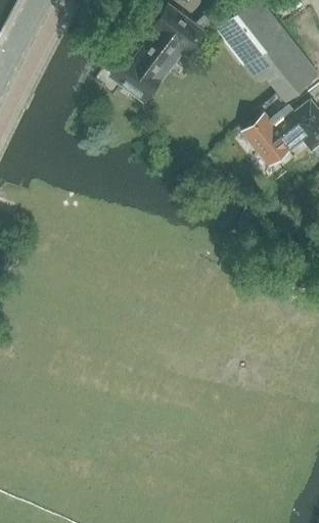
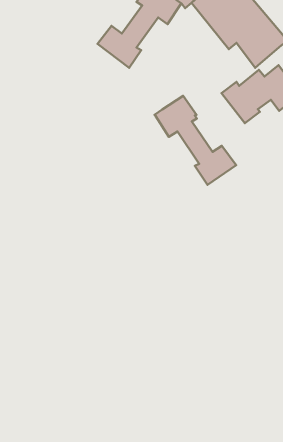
building: none -> [155,96,236,185]

